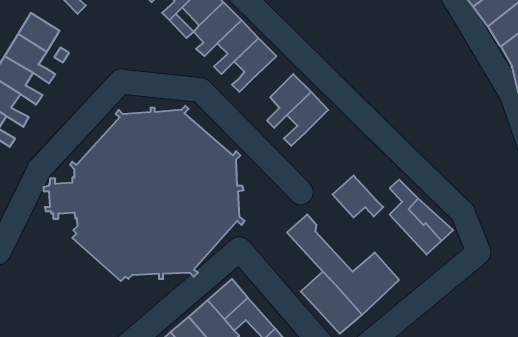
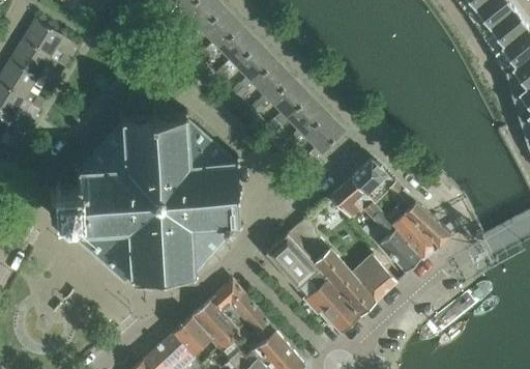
building: none -> [249,61,293,114]
building: none -> [302,114,346,167]
building: none -> [352,160,396,202]
building: none -> [372,209,423,272]
building: none -> [266,234,322,292]

